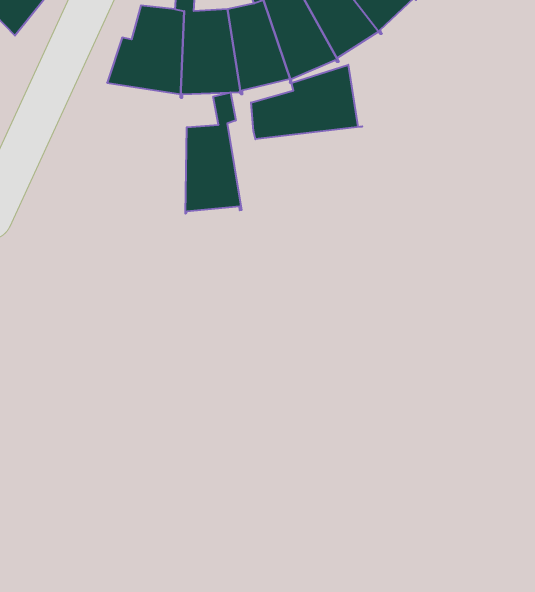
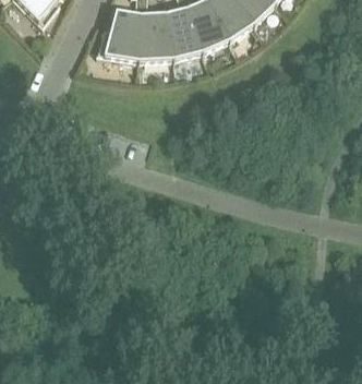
building: [251,65,362,139] -> none
building: [185,92,242,214] -> none

